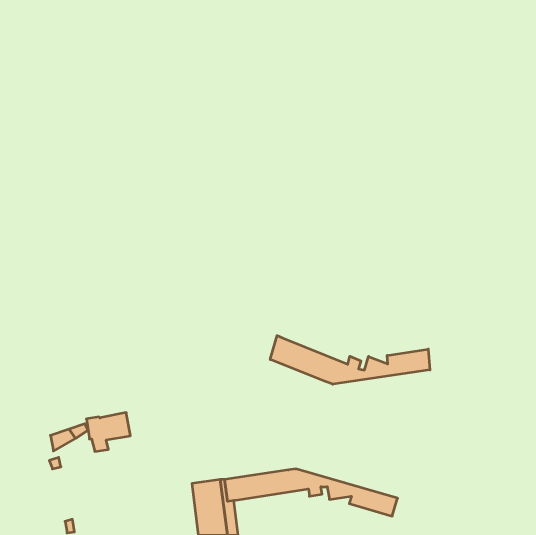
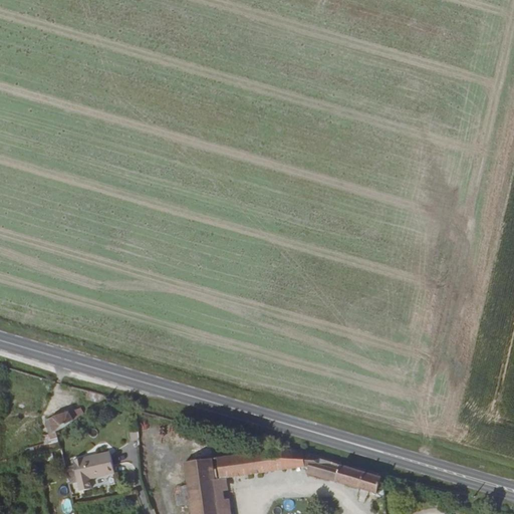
building: [270,336,430,384] -> none
building: [86,413,130,451] -> [71,452,113,489]

